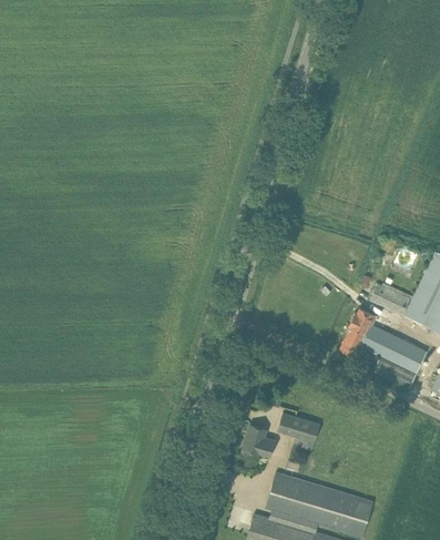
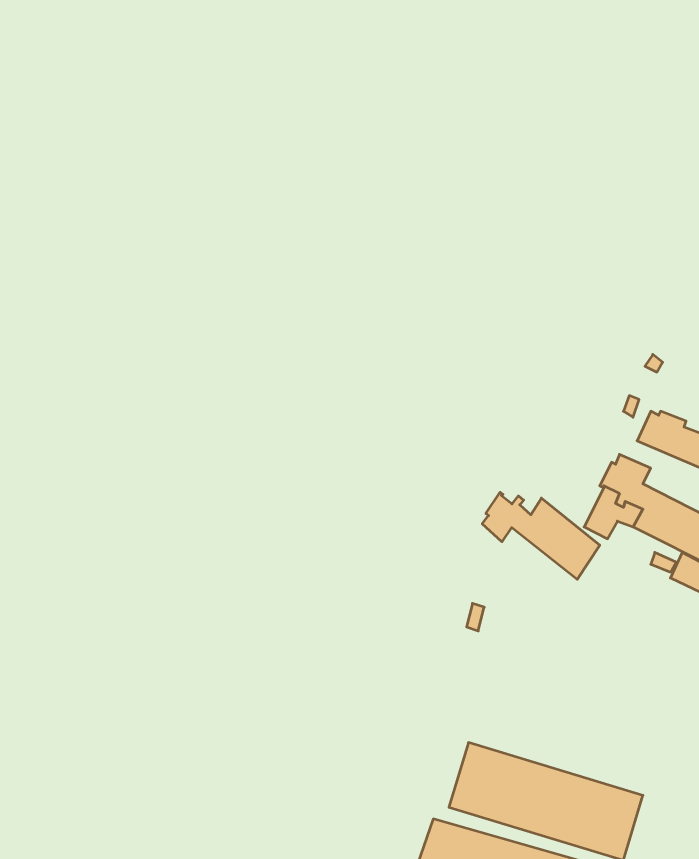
building: none -> [482,492,600,579]
building: [277,414,319,442] -> none
building: [243,425,274,457] -> none

